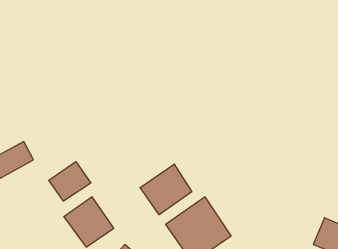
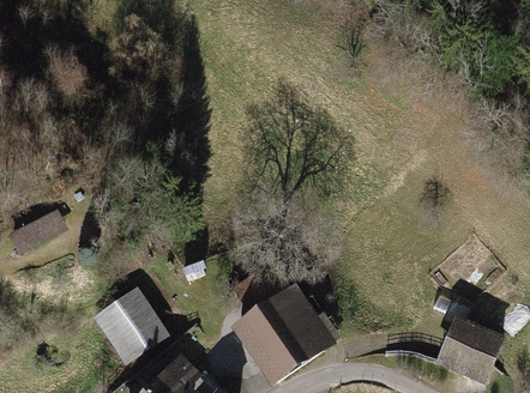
building: [49,162,91,201] -> none
building: [140,164,192,215] -> none

